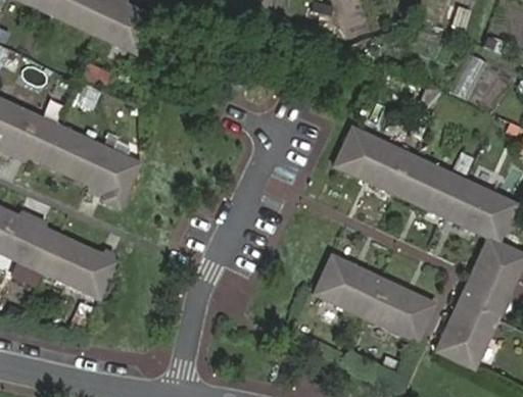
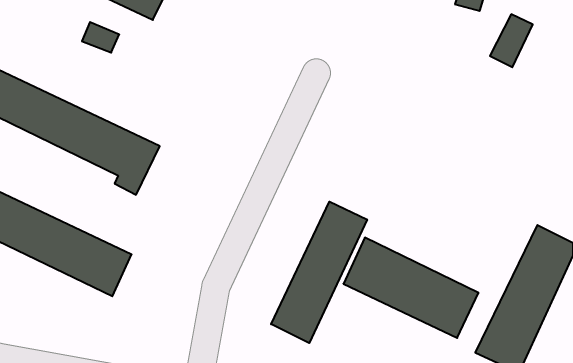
building: [332,122,510,240] -> none
building: none -> [271,202,367,343]

